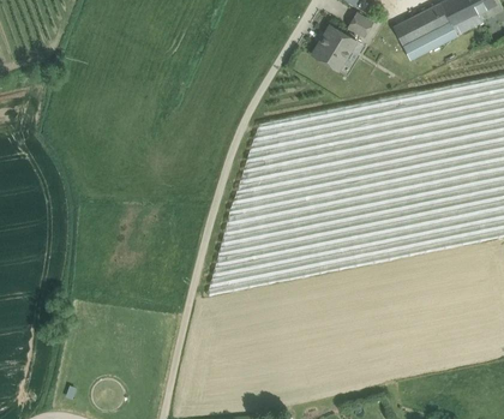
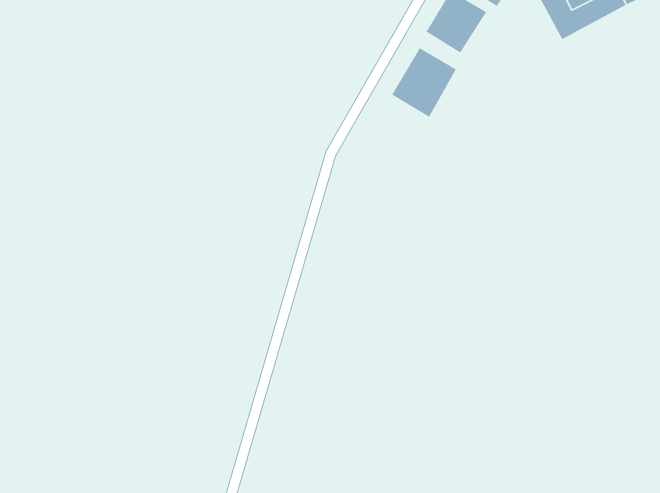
building: none -> [391,47,457,118]

